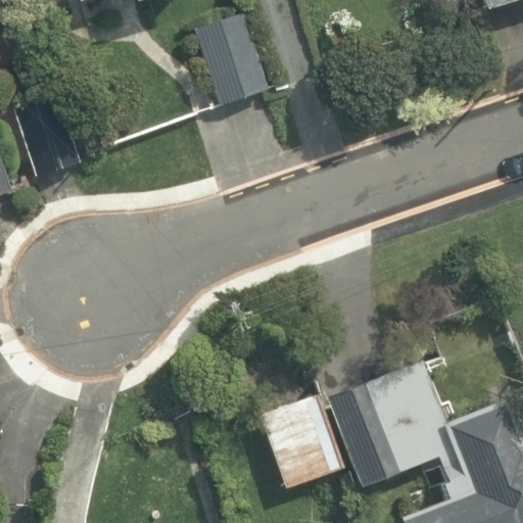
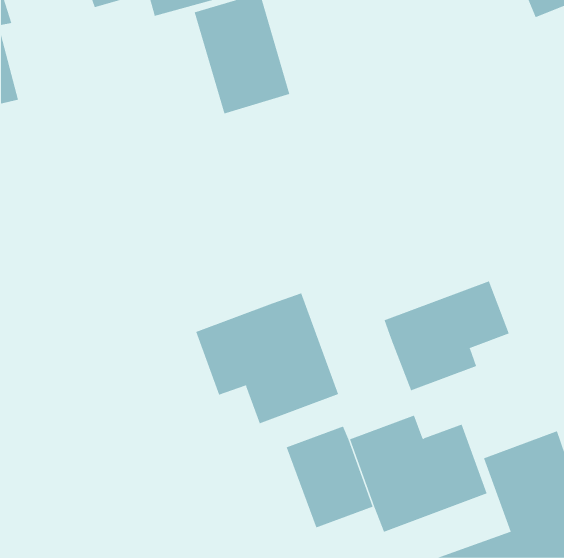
building: none -> [384,281,510,391]
building: none -> [196,293,339,424]

